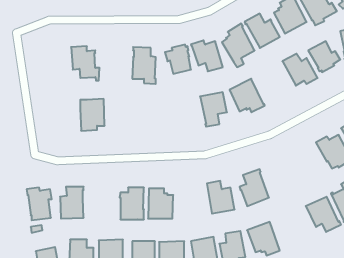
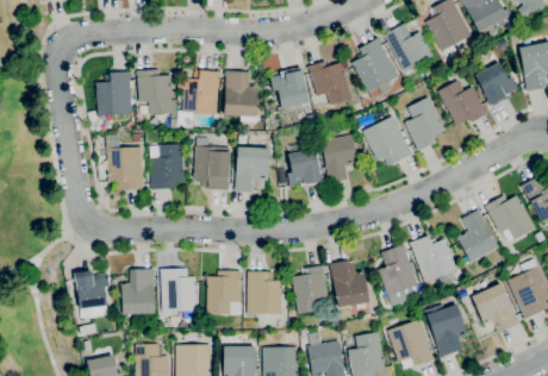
building: none -> [178,70,220,127]
building: none -> [96,71,132,115]
building: none -> [405,96,447,150]
building: none -> [107,133,144,190]
building: none -> [194,137,230,190]
building: none -> [287,143,323,188]
building: none -> [235,146,269,193]
building: none -> [456,208,499,263]
building: none -> [409,236,457,283]
building: none -> [292,265,330,314]
building: none -> [160,268,197,319]
building: none -> [424,303,467,357]

